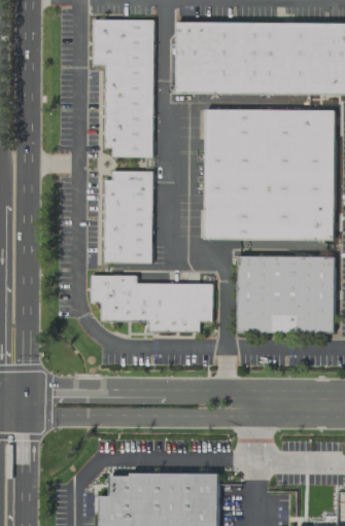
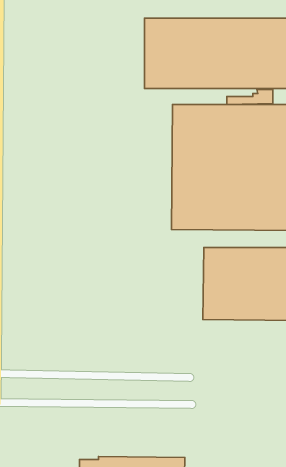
building: [93,21,152,157] -> none
building: [104,171,151,262] -> none
building: [91,276,212,332] -> none

